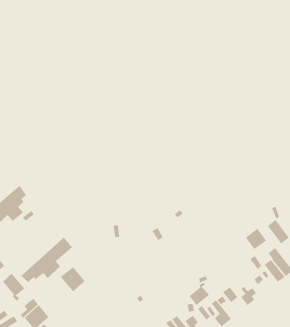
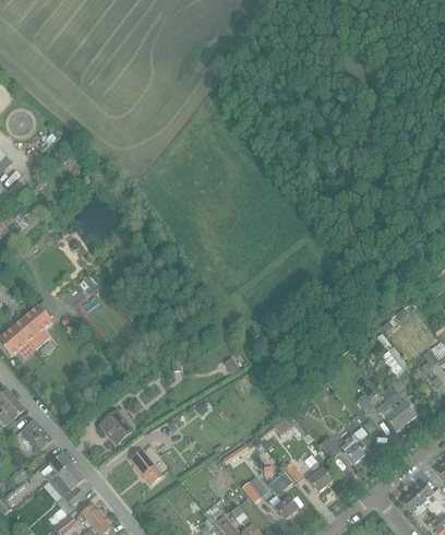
building: [245,228,267,250] -> none
building: [20,237,73,283] -> none
building: [189,282,210,306] -> none
building: none -> [130,450,161,484]

